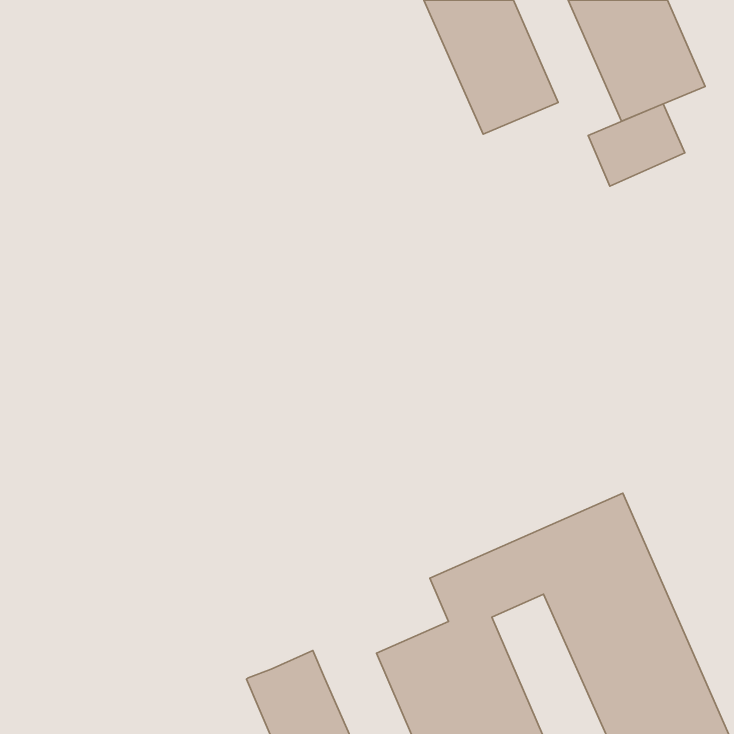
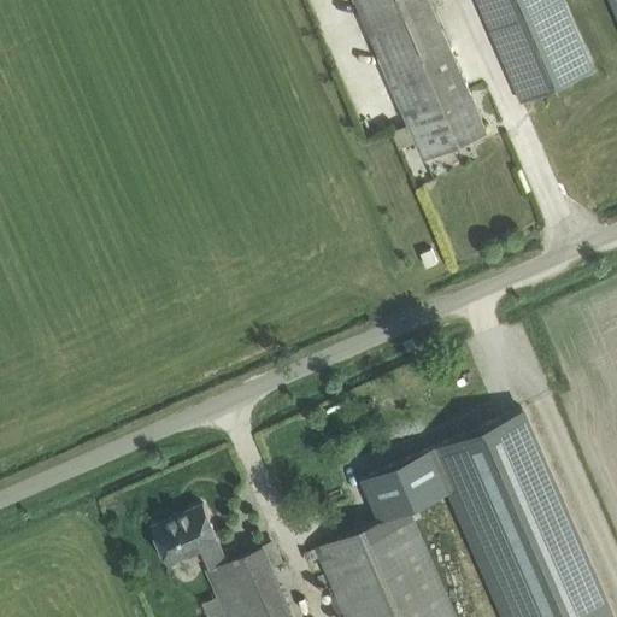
building: [588,104,685,186] -> [404,88,484,157]
building: none -> [152,505,227,569]

